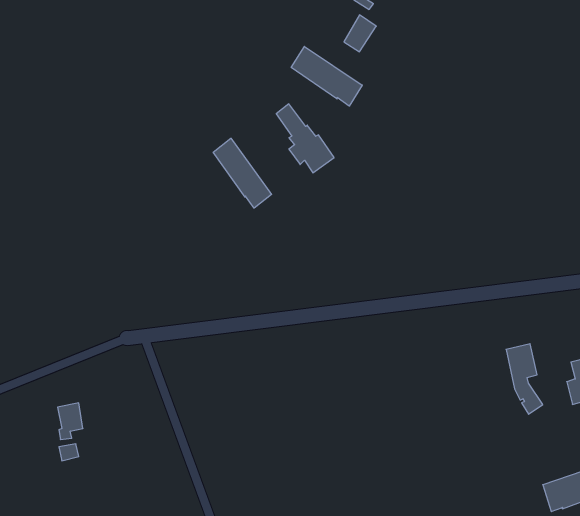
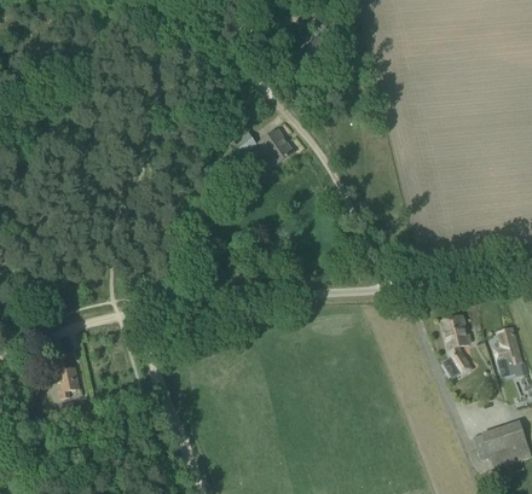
building: [291,46,362,106] -> none
building: [213,138,272,208] -> none

